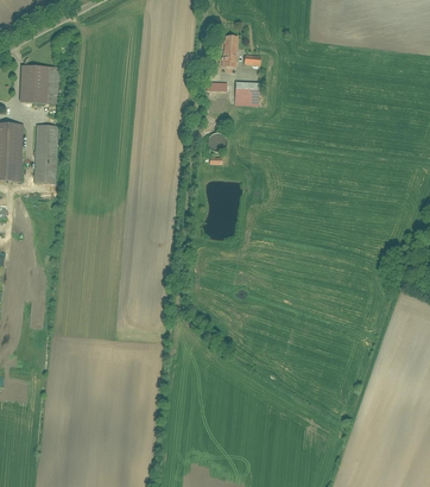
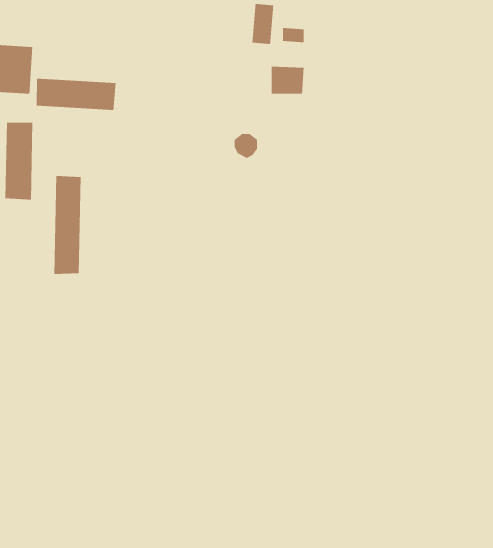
building: none -> [36,78,116,111]
building: none -> [53,175,81,275]

